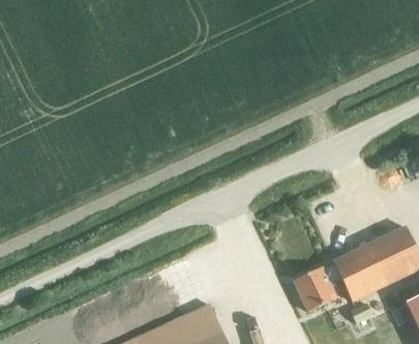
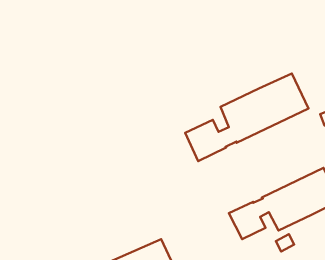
building: none -> [185,73,309,161]

